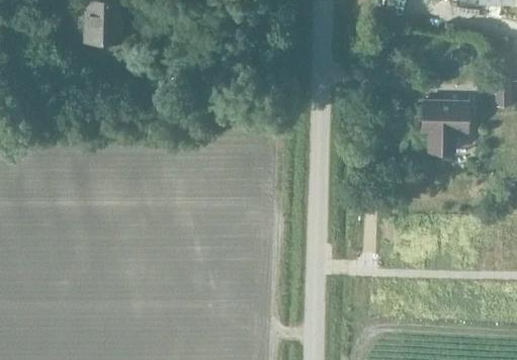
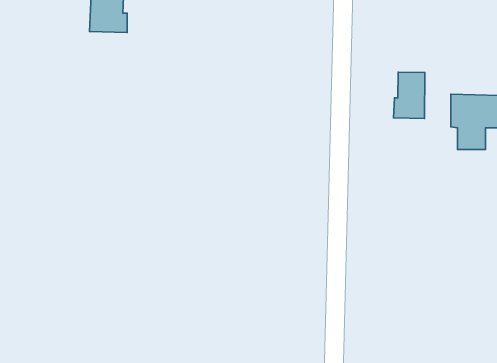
building: none -> [394,72,425,119]

